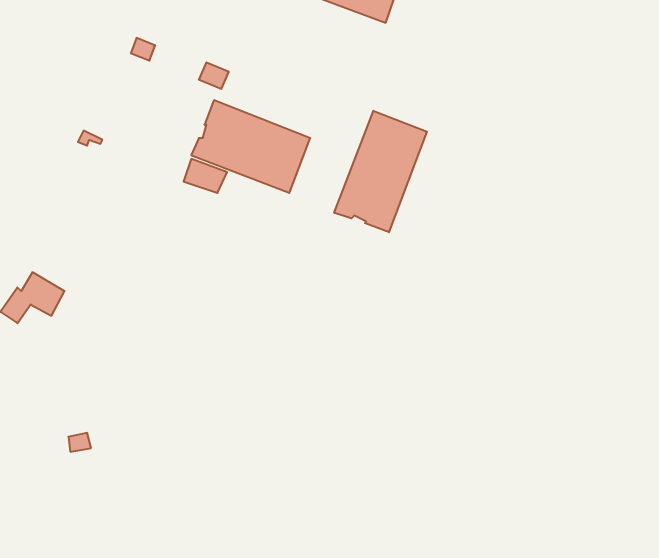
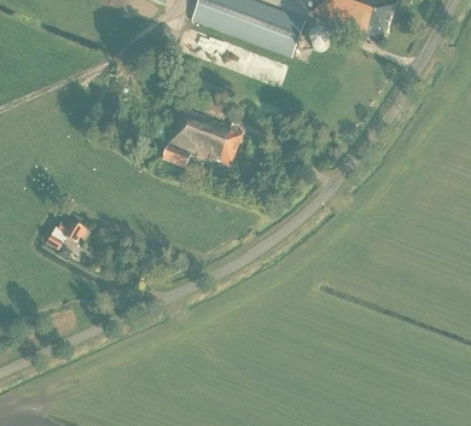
building: [334,111,427,232] -> none

